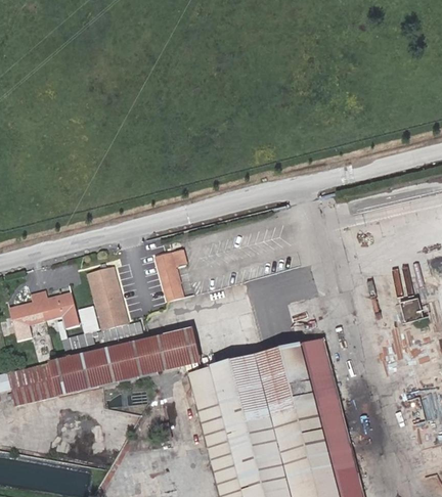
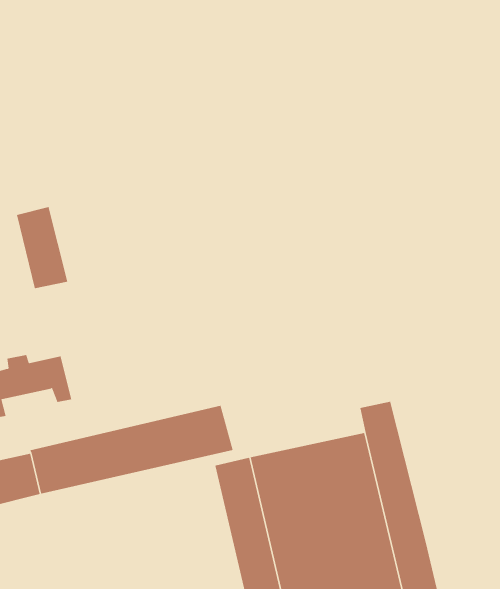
building: [158,257,189,308] -> none
building: [90,265,129,326] -> [16,207,68,289]

